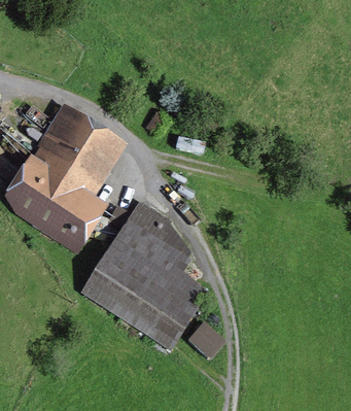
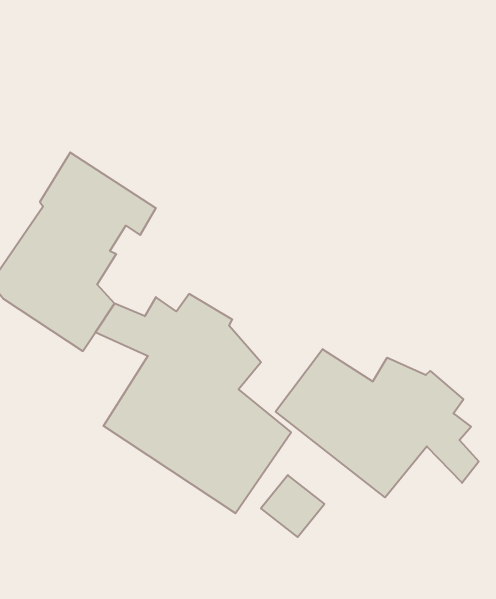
building: none -> [276,349,479,497]

